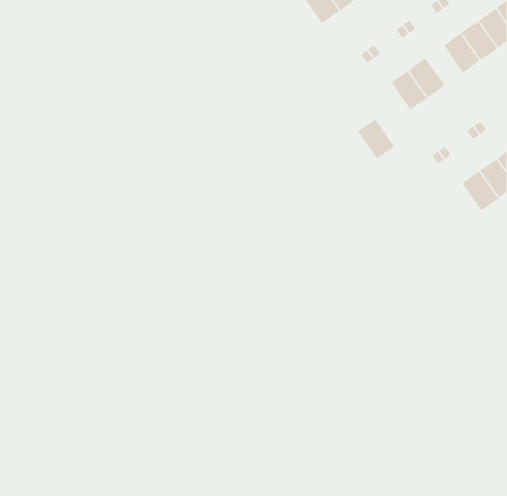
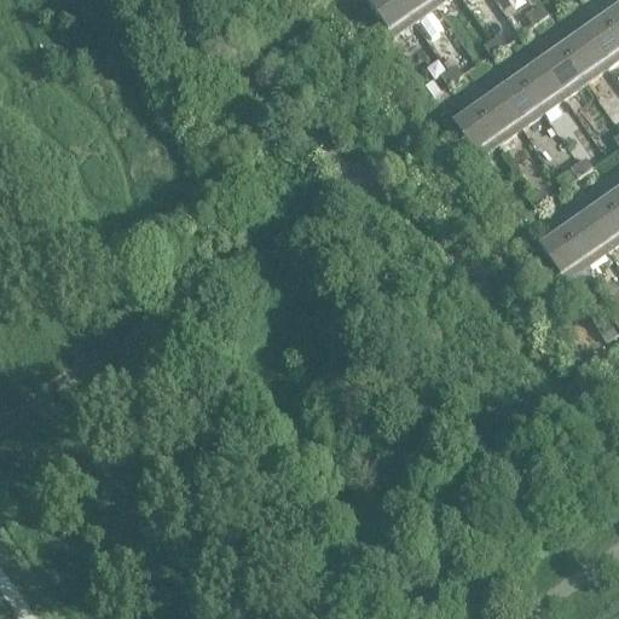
building: none -> [519,56,563,104]
building: [357,119,395,159] -> [453,100,499,150]
building: none -> [540,224,586,273]

